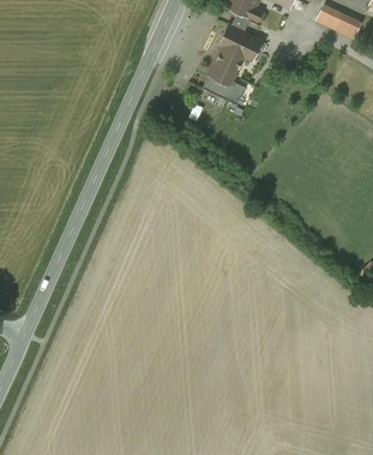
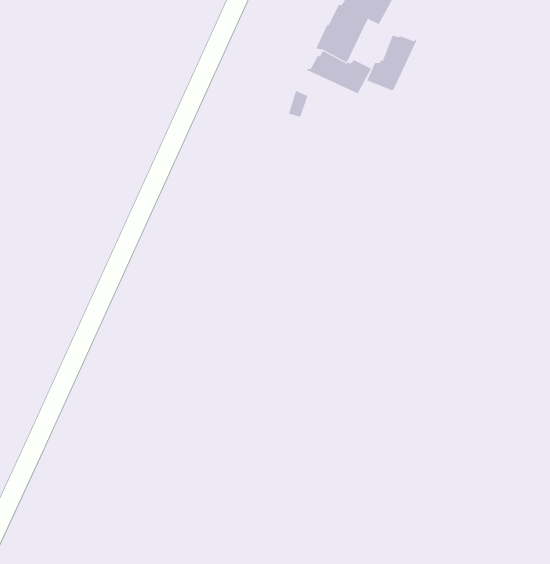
building: none -> [366,35,418,91]

